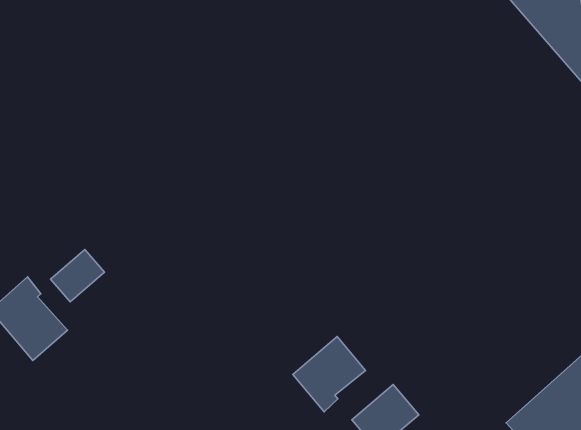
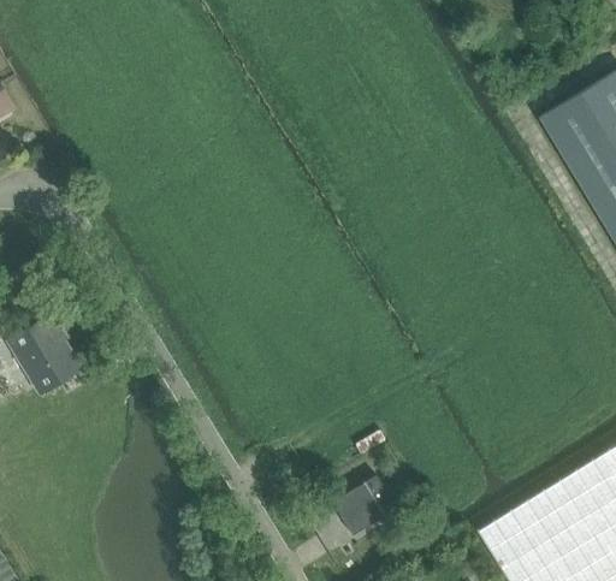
building: [51,250,104,302] -> none
building: [293,337,366,412] -> none

